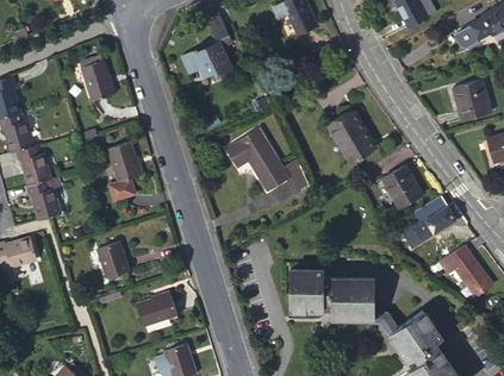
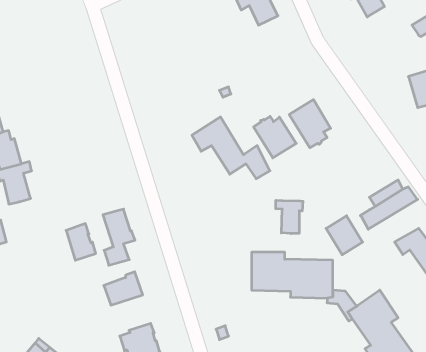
building: [181,14,231,77] -> none
building: [80,54,114,99] -> none
building: none -> [254,116,296,158]
building: [107,142,141,200] -> [103,209,135,265]
building: [382,167,421,207] -> [326,216,363,255]
building: none -> [276,200,303,234]

